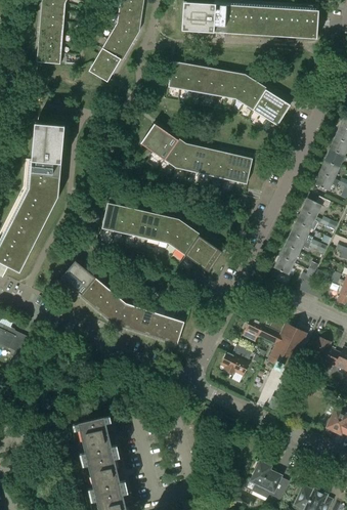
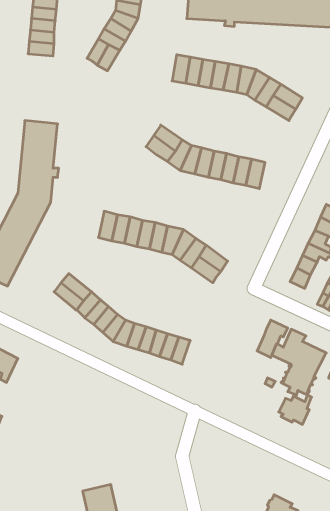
building: [221,349,251,376] -> [279,395,312,424]
building: [78,416,113,458] -> none

